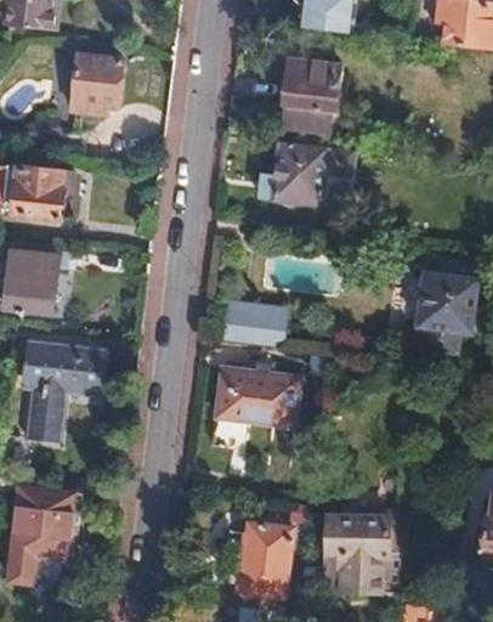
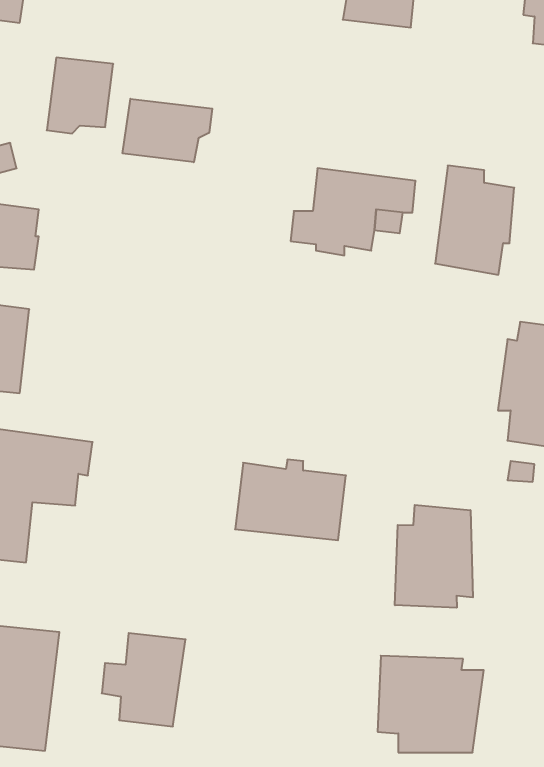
building: [279,50,340,134] -> [435,166,514,275]
building: none -> [123,99,212,162]
building: [220,295,290,345] -> none
building: none -> [395,505,473,608]
building: [228,522,293,594] -> [102,633,186,726]

